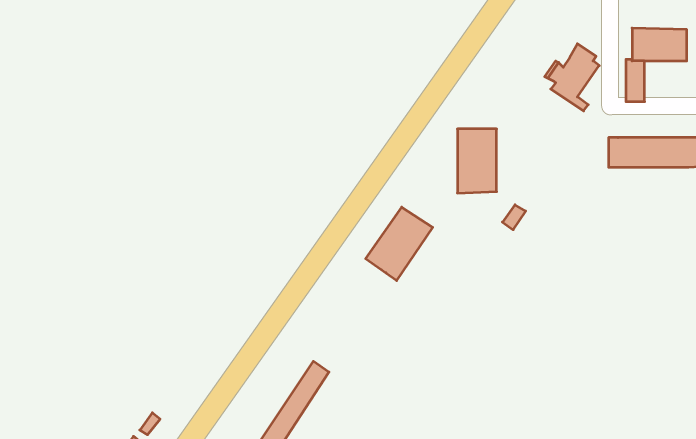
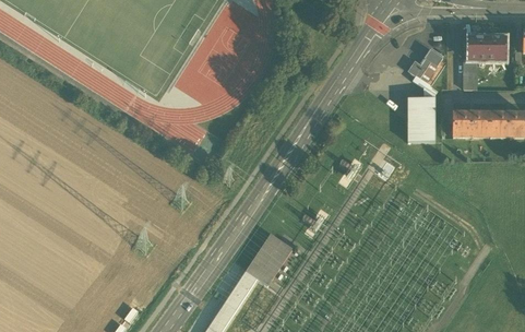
building: [457,129,497,193] -> [407,96,434,141]
building: [366,207,433,281] -> [246,233,293,284]

